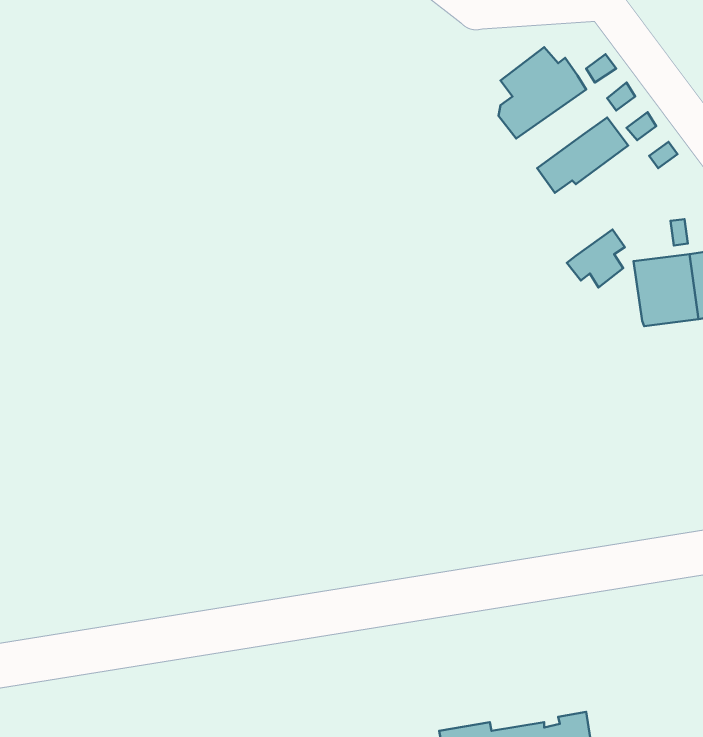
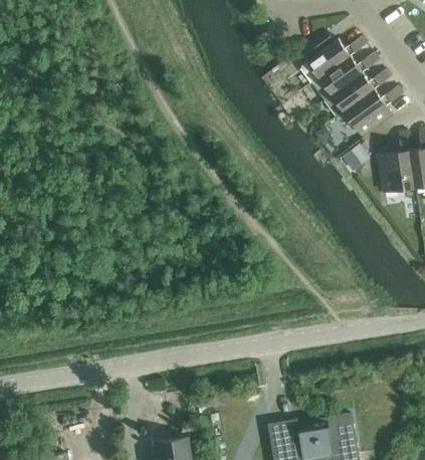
building: none -> [311,56,364,101]
building: none -> [346,88,394,137]

